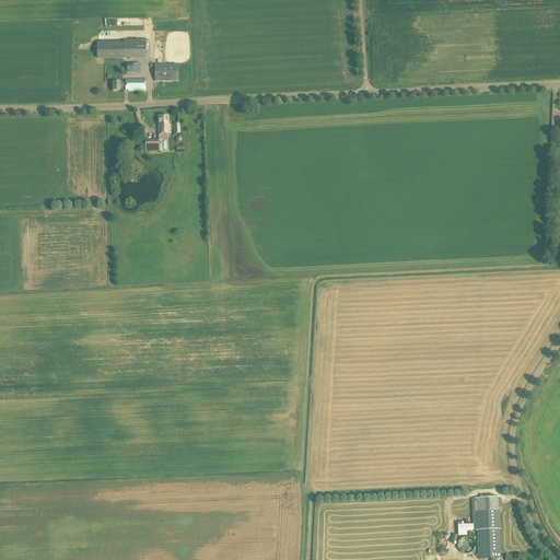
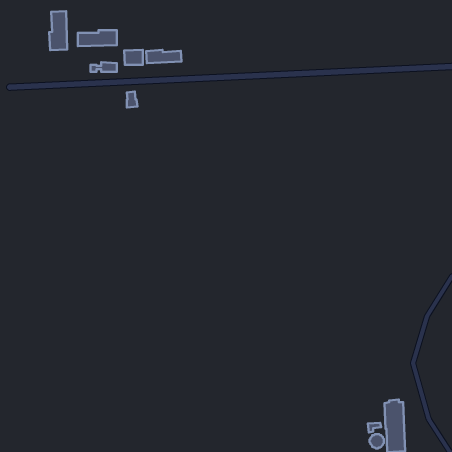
building: none -> [49,11,67,50]
building: none -> [146,50,182,63]

